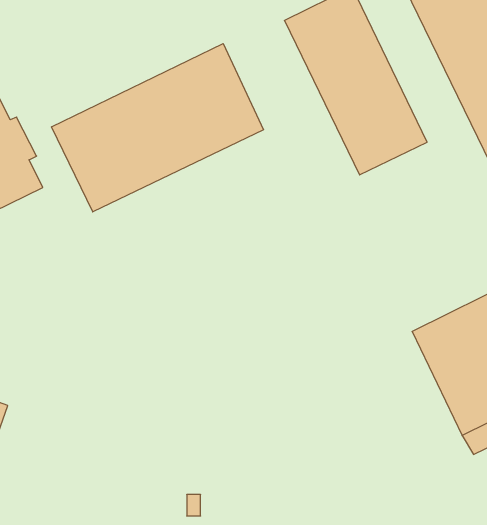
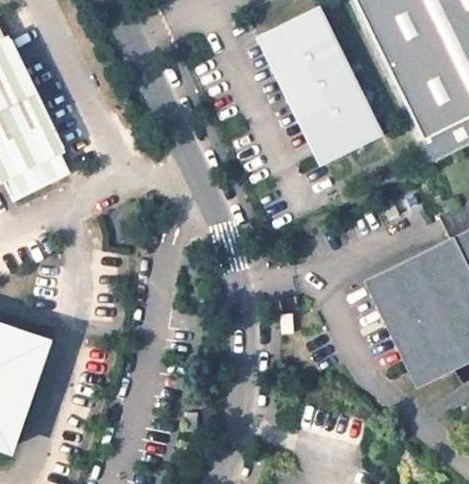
building: [52,44,264,212] -> none

